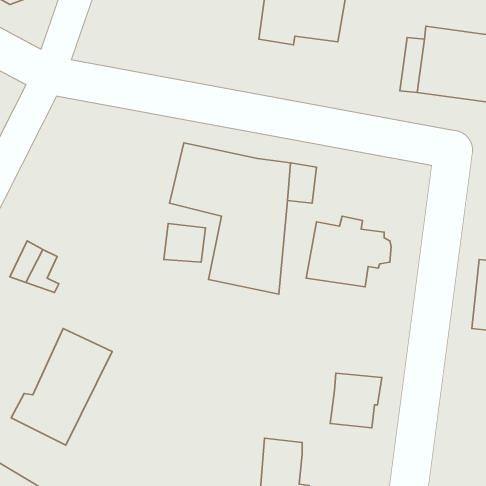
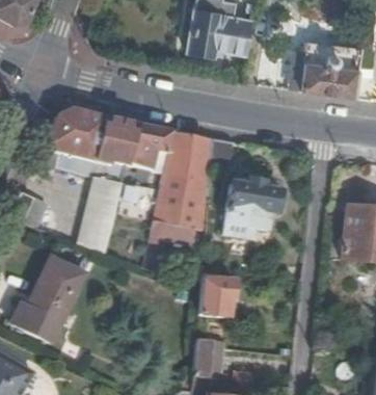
building: none -> [36,111,136,256]
building: [330,373,382,428] -> [196,279,234,318]

